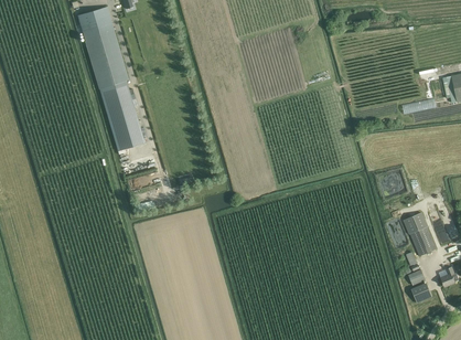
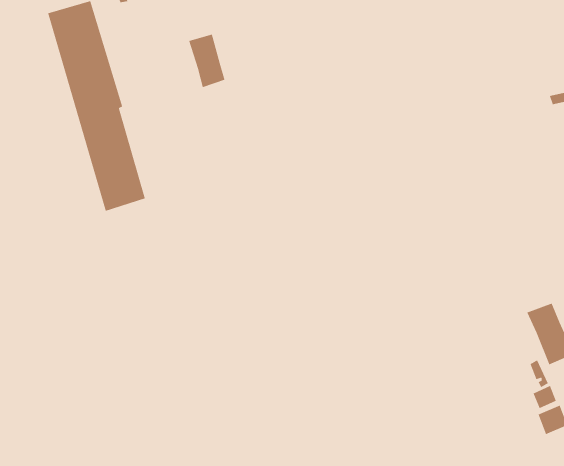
building: none -> [188,34,226,88]

